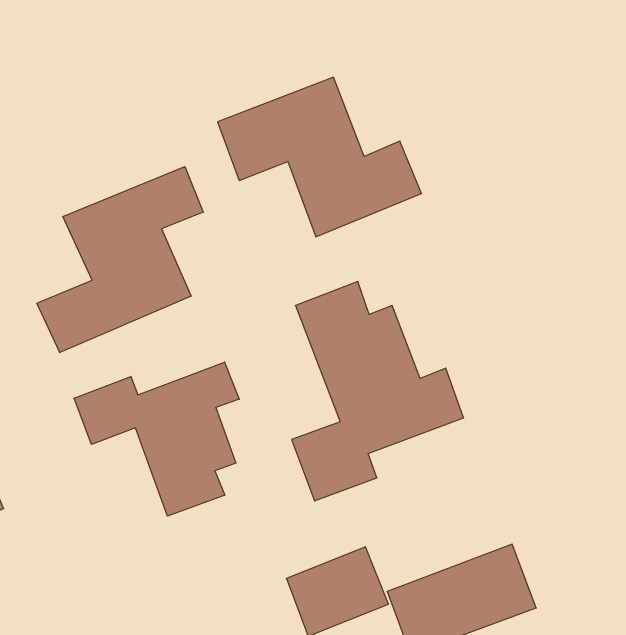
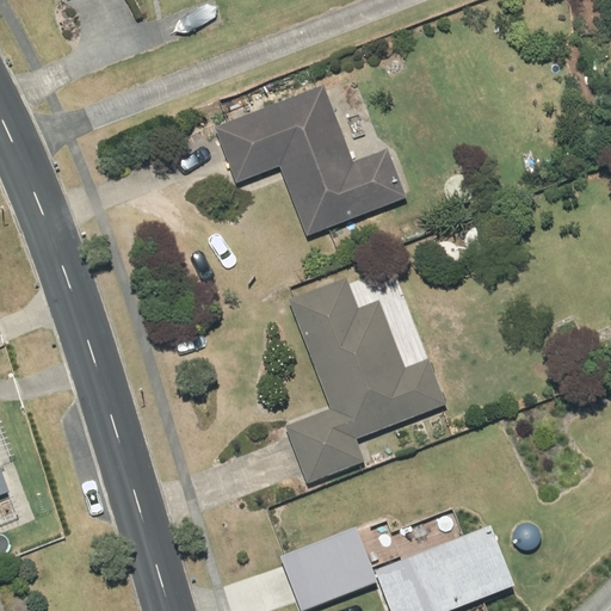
building: [37,167,203,353] -> none
building: [74,362,239,516] -> none

